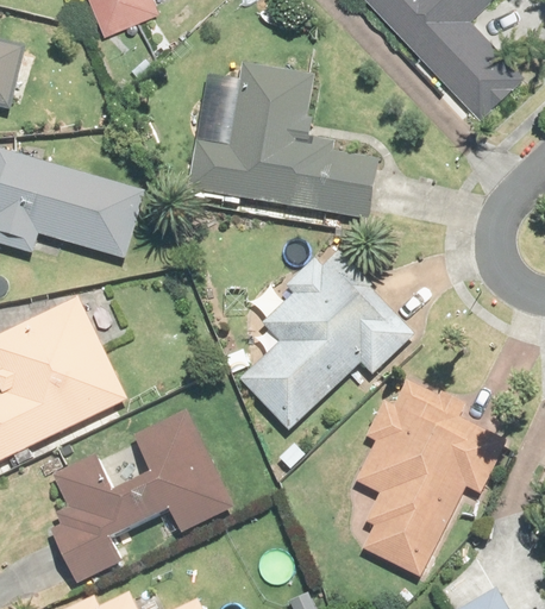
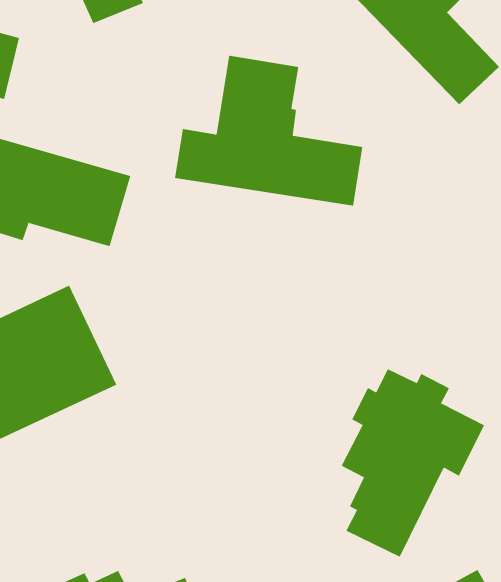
building: [240,256,413,428] -> none
building: [49,426,226,589] -> none

